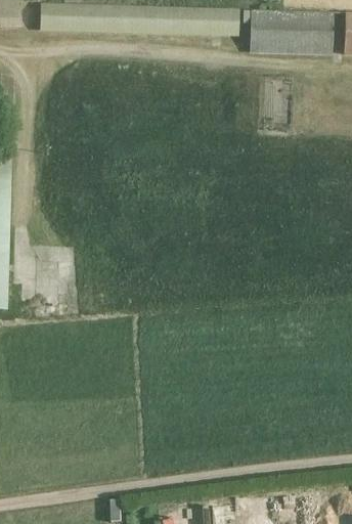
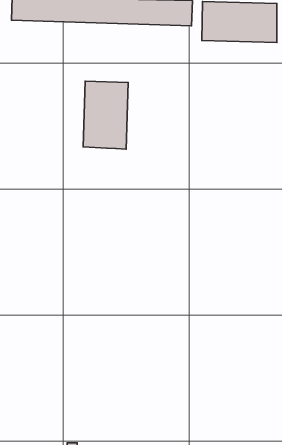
building: none -> [83,81,128,149]

